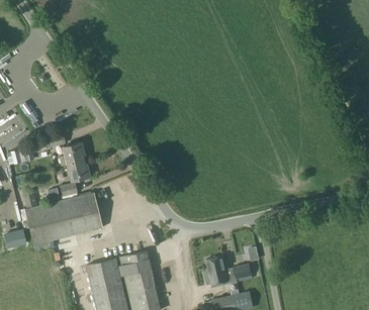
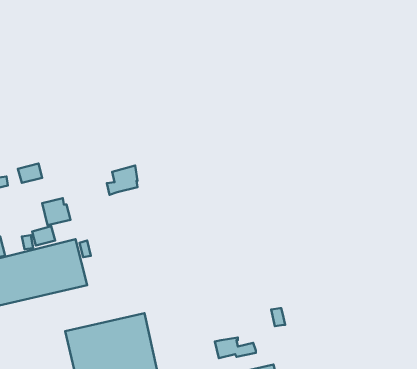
building: [59,142,83,166] -> [107,165,138,195]
building: [205,256,252,280] -> none

